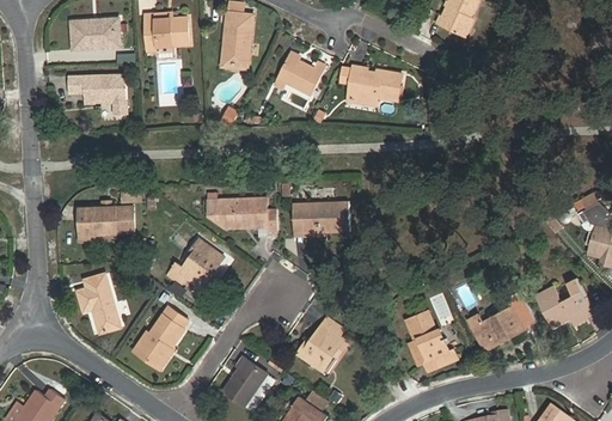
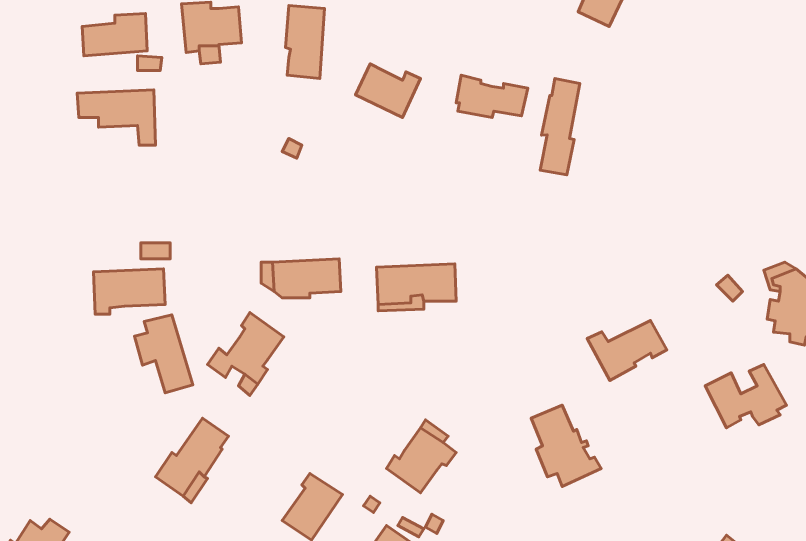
building: none -> [540,79,580,175]
building: [78,276,121,334] -> [134,315,193,393]
building: [466,303,525,347] -> [587,321,667,381]

